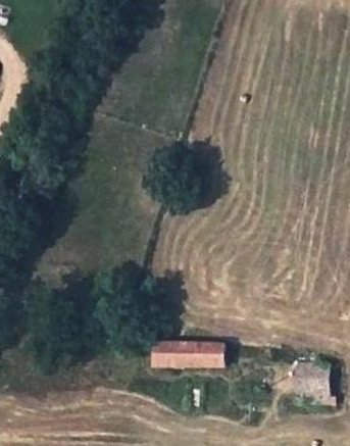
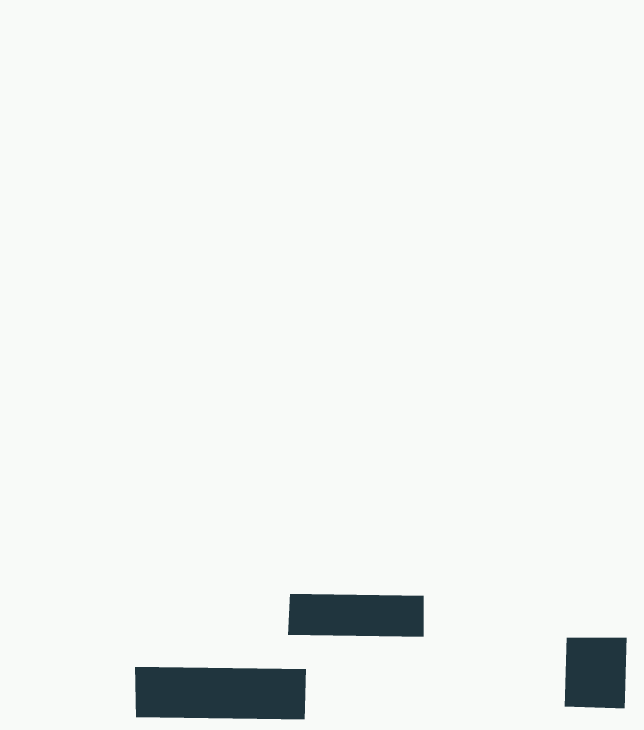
building: none -> [134,666,307,720]

